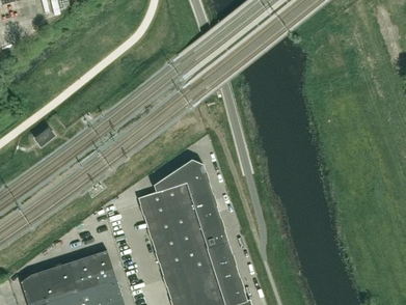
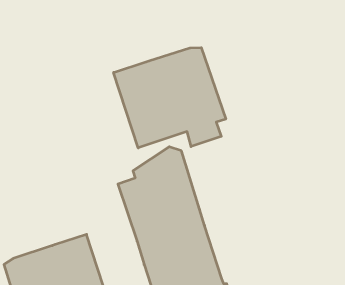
building: none -> [114,48,226,148]

